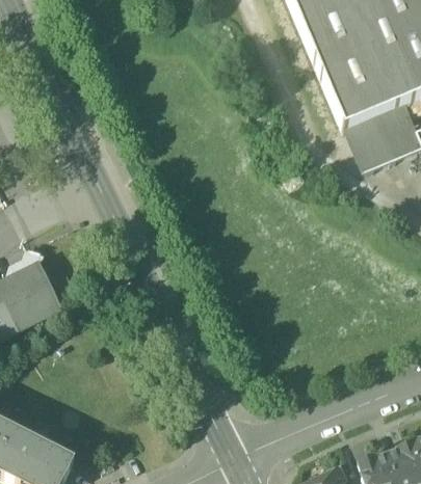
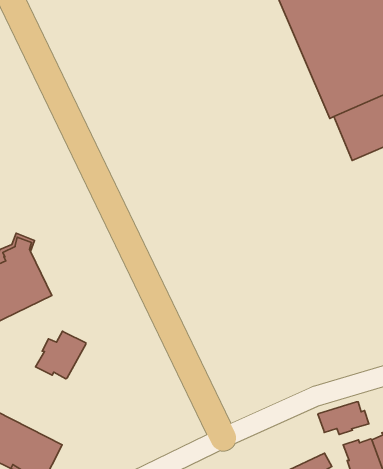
building: none -> [35,331,86,379]
building: none -> [318,402,369,435]

